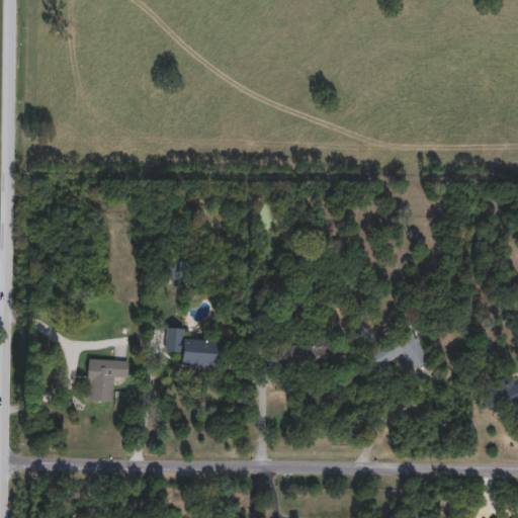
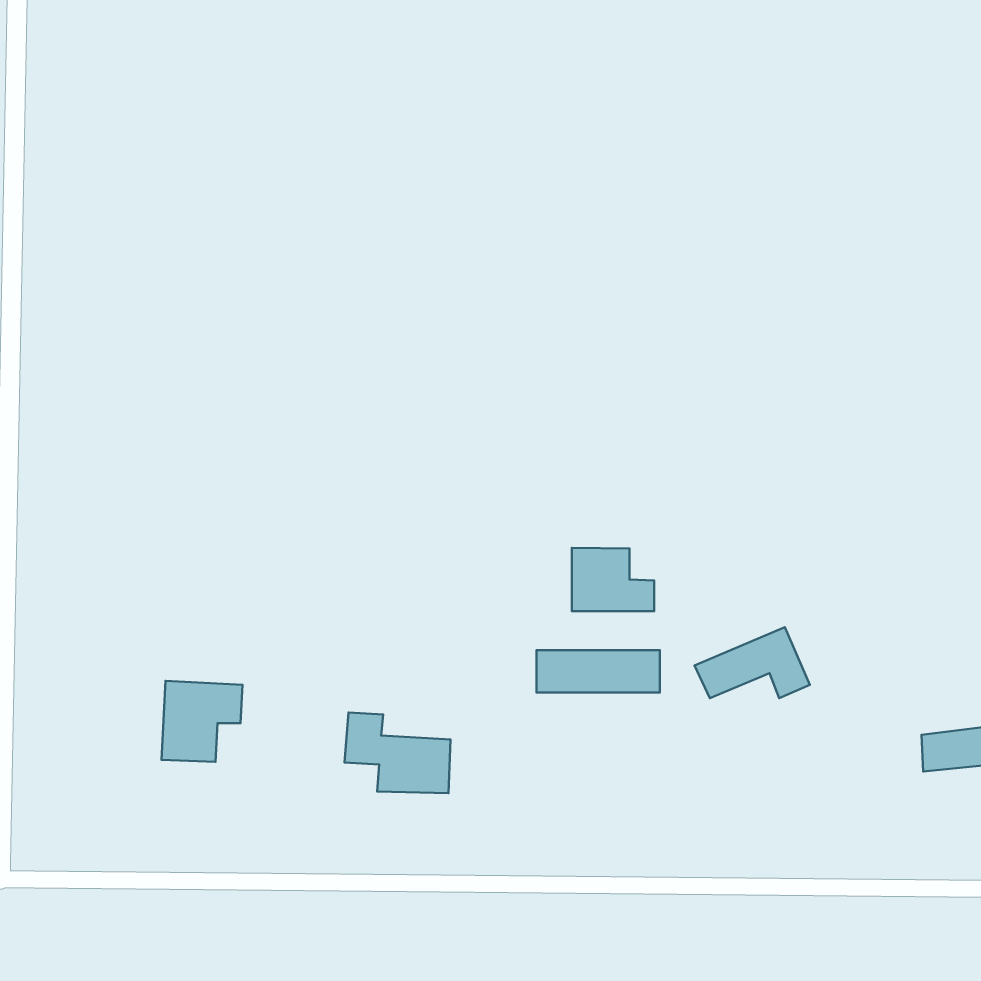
building: none -> [572,548,654,611]
building: [165,326,221,368] -> [345,713,450,793]

